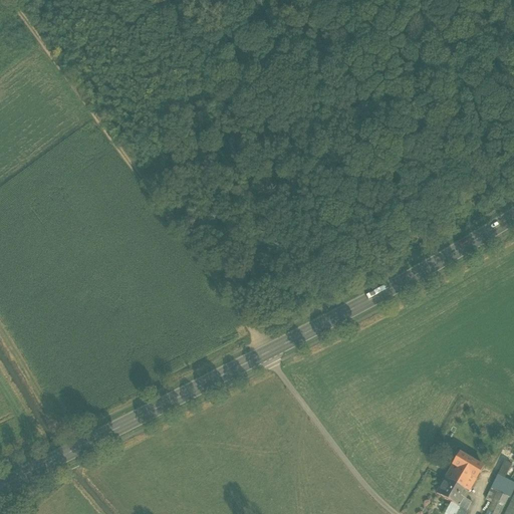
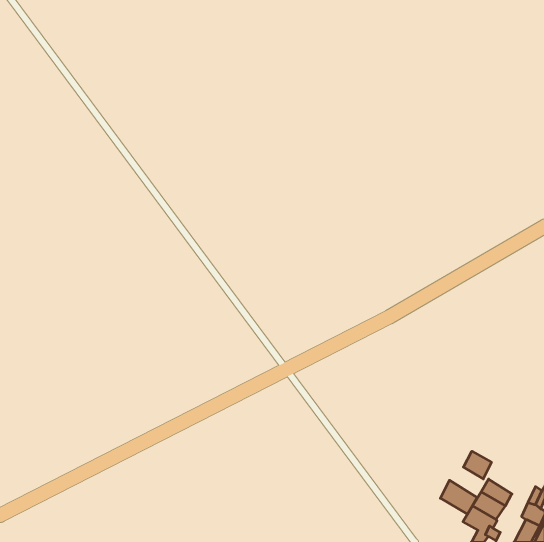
building: none -> [463,451,491,479]
building: none -> [440,480,477,514]

